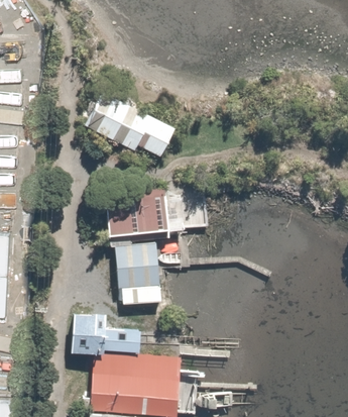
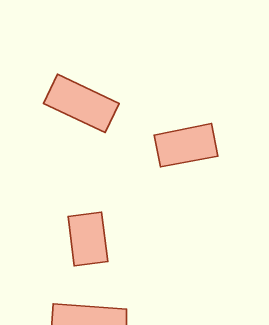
building: [106,196,179,245] -> [154,124,218,167]
building: [74,315,144,351] -> none

